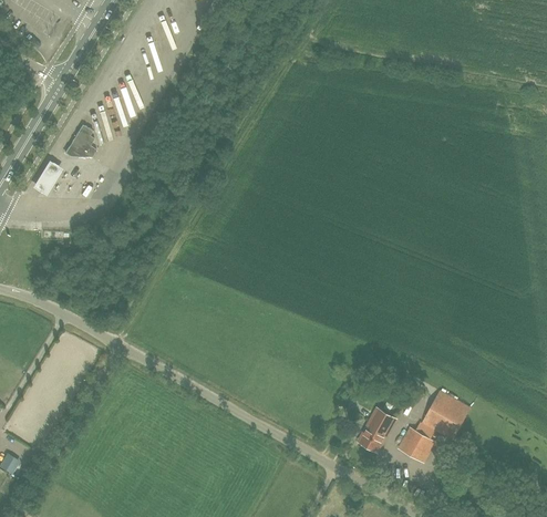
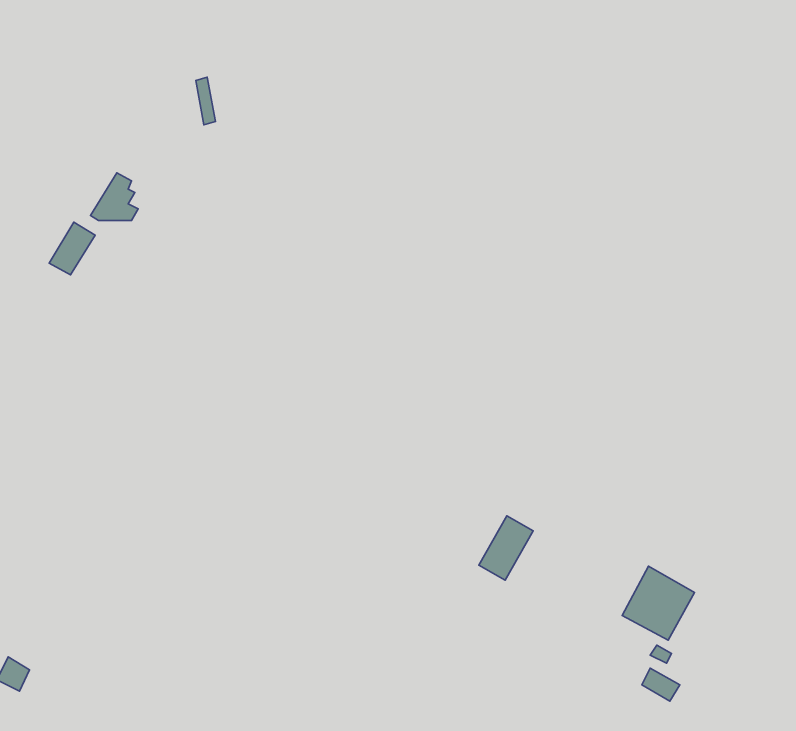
building: [358,409,394,452] -> [479,516,533,580]
building: [399,427,434,462] -> none

